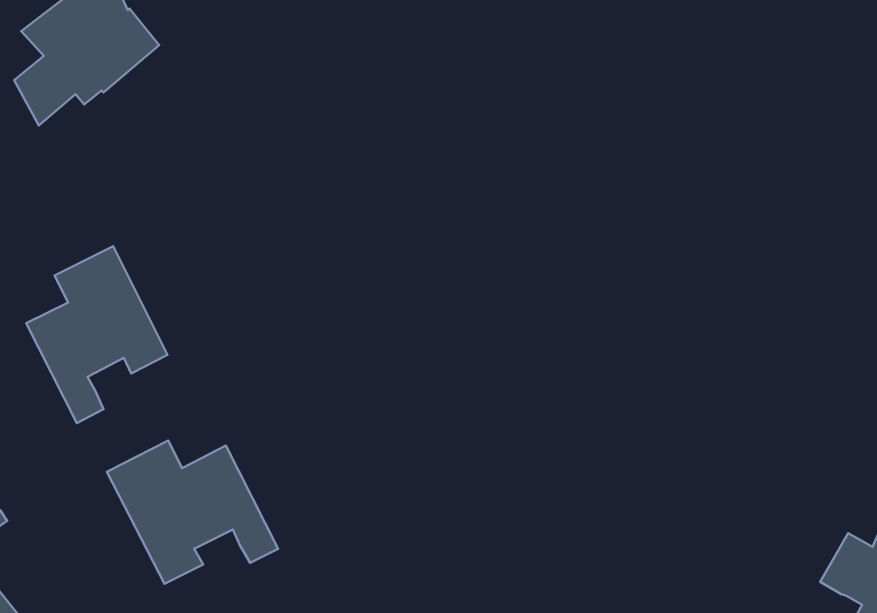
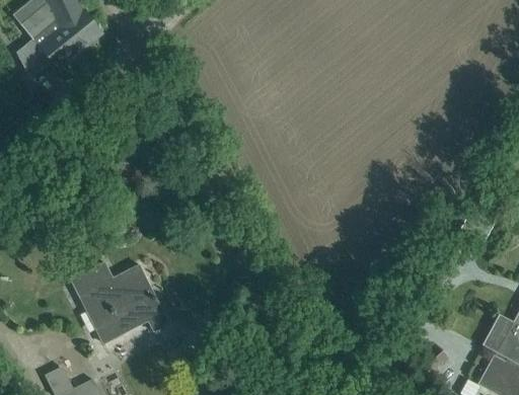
building: [26,246,168,423] -> none

